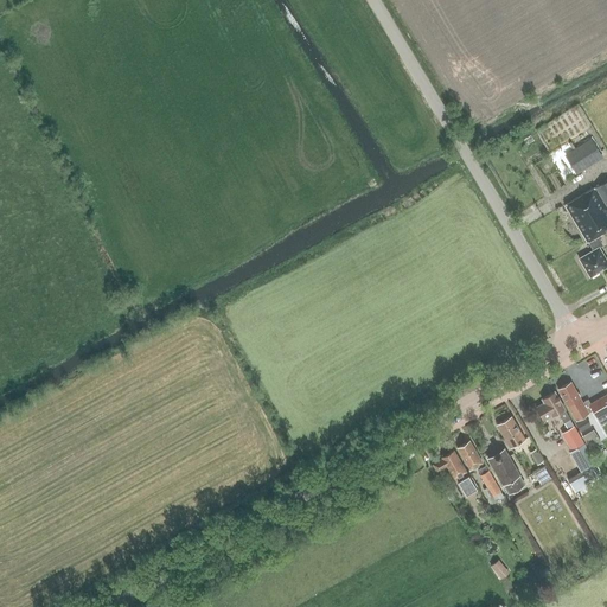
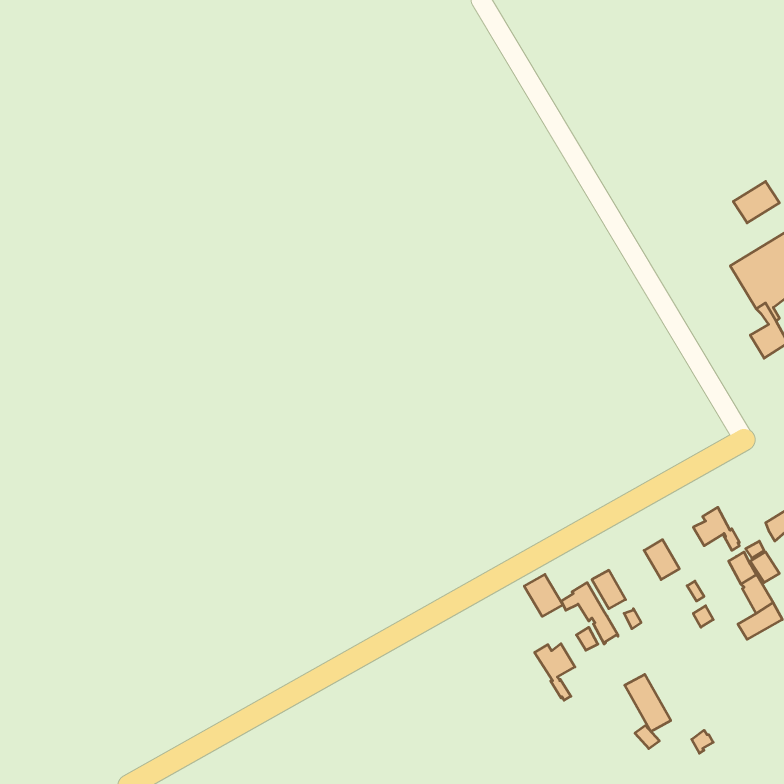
building: [560,383,594,420] -> none
building: none -> [524,574,563,616]
building: [490,451,525,494] -> [625,674,671,731]
building: none -> [535,644,575,700]

